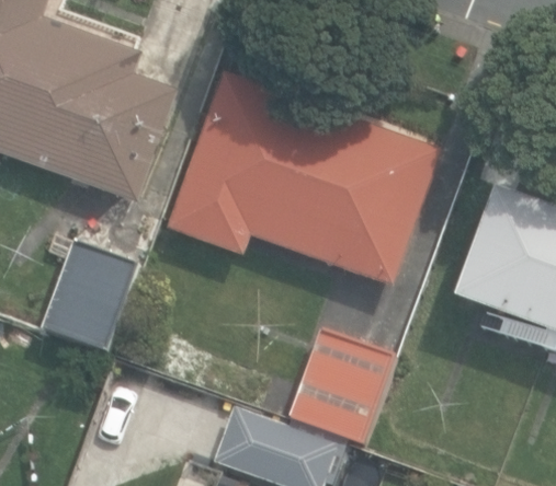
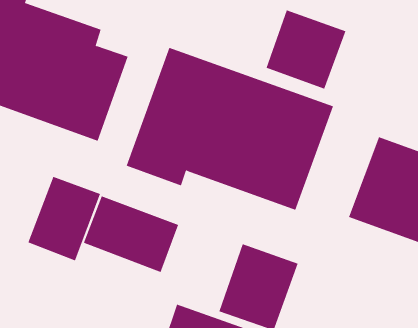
building: none -> [266,10,346,89]
building: none -> [83,196,179,273]

